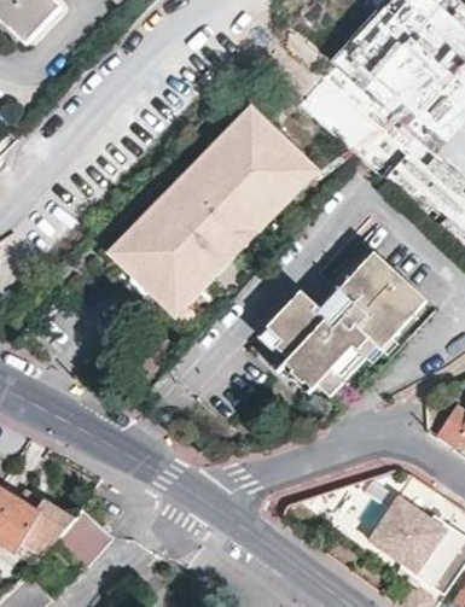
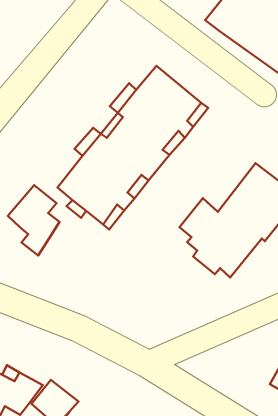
building: none -> [8,185,60,255]

